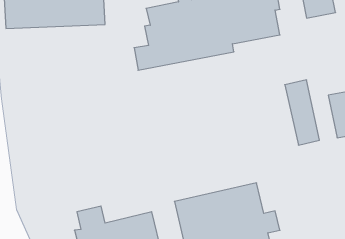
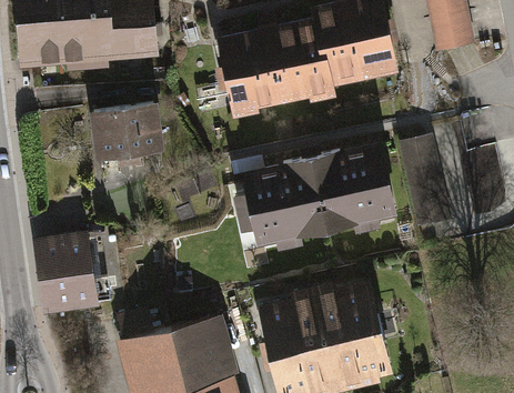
building: none -> [89,99,162,169]
building: none -> [233,143,400,246]
building: none -> [36,230,113,316]

